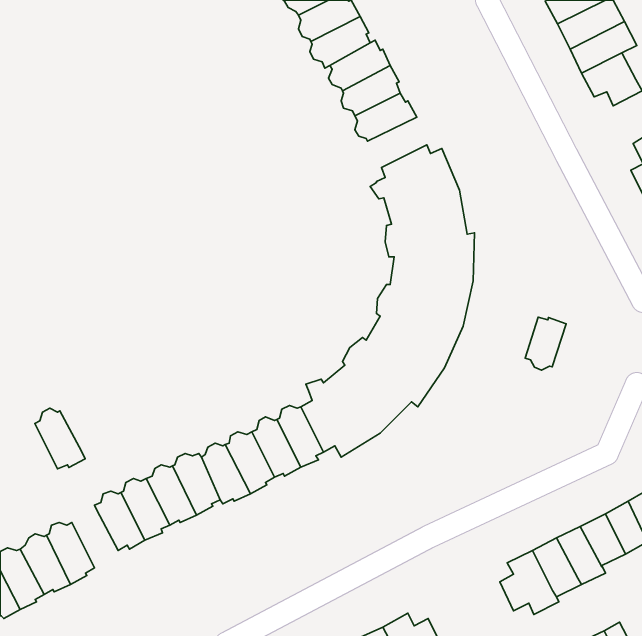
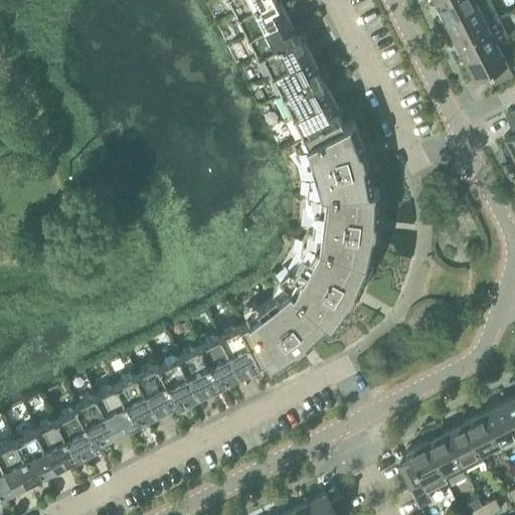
building: none -> [294,100,342,140]
building: [525,317,566,370] -> none
building: [35,408,85,469] -> [58,411,99,460]

